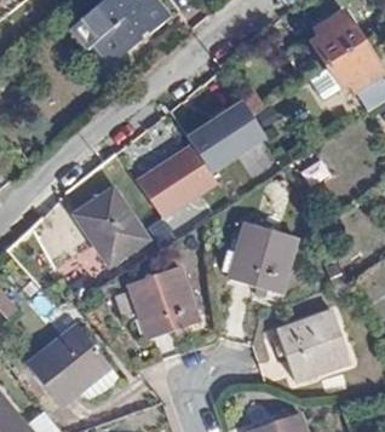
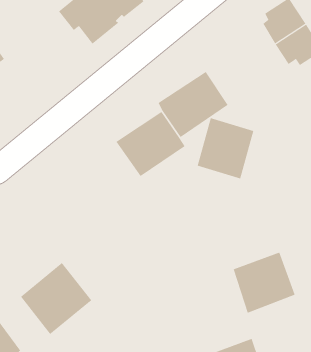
building: [73,185,148,264] -> none
building: [229,220,297,293] -> [197,118,254,179]
building: [128,264,200,338] -> none

